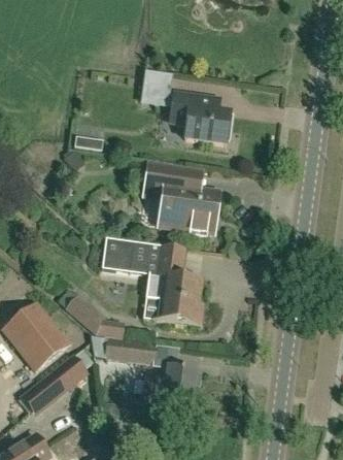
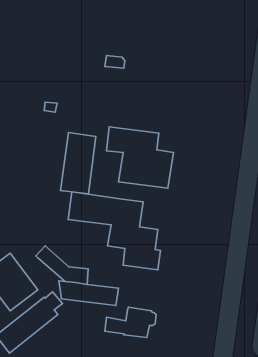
building: [170,91,230,141] -> none
building: none -> [60,132,96,194]

